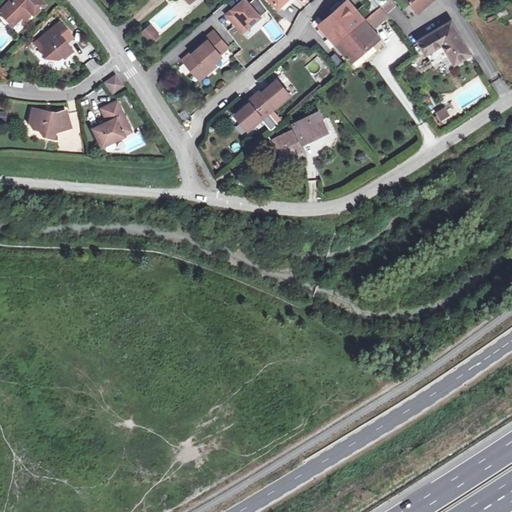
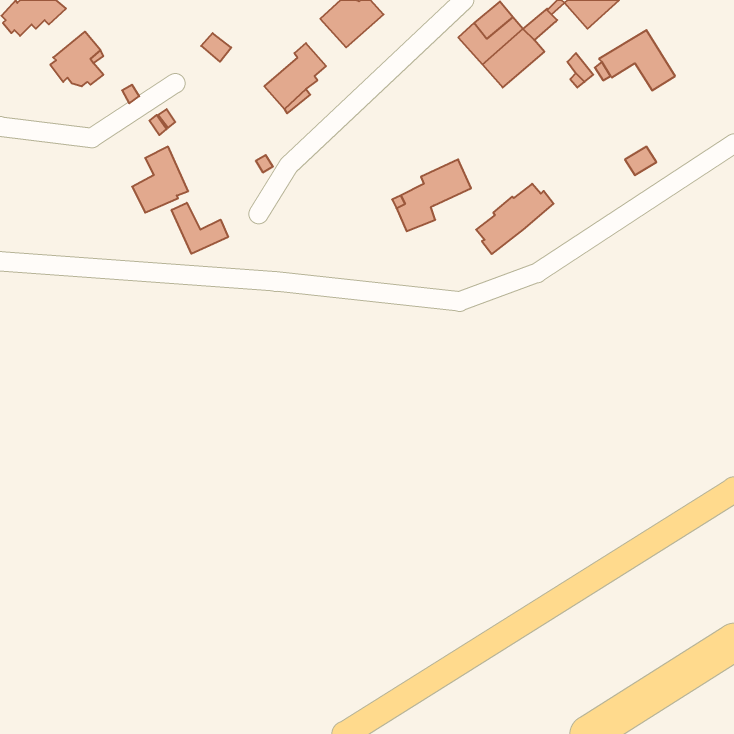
building: [236,80,290,129] -> [476,184,554,254]
building: [29,109,72,140] -> none
building: none -> [172,203,228,254]

